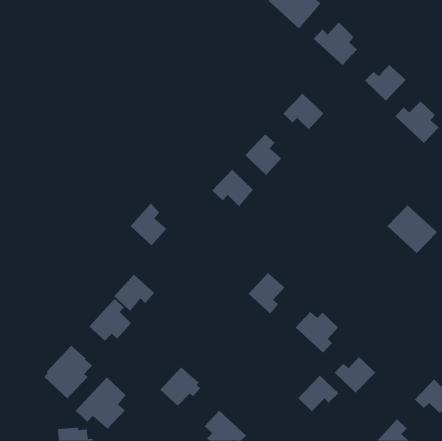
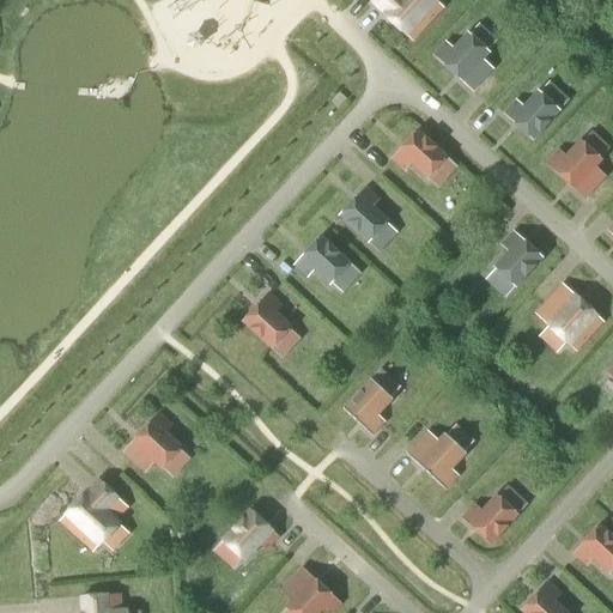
building: none -> [494,229,544,286]
building: [130,203,167,246] -> [242,289,293,348]
building: [114,274,155,311] -> none
building: [298,375,339,412] -> none
building: [75,377,126,430] -> none

